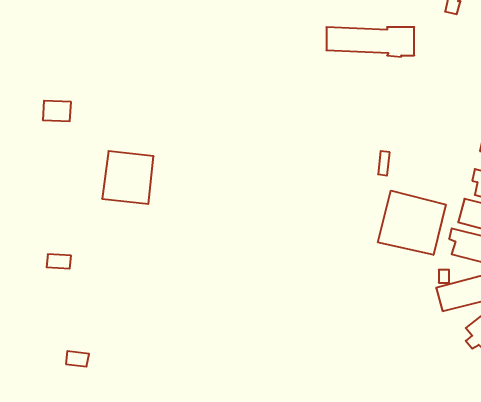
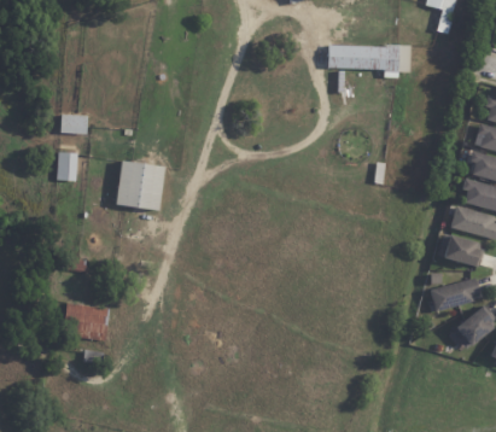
building: none -> [58,153,78,182]
building: [378,191,446,255] -> none
building: none -> [63,302,110,340]

